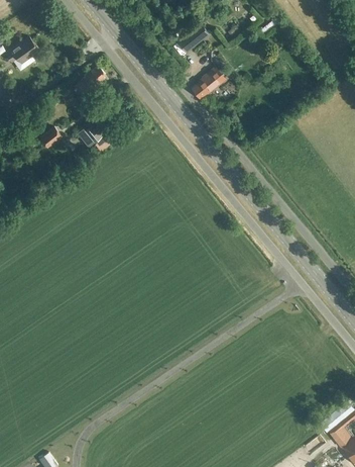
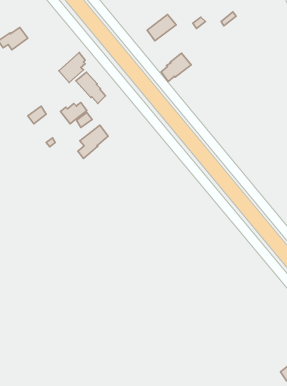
building: none -> [76,72,106,104]
building: none -> [78,125,108,159]

